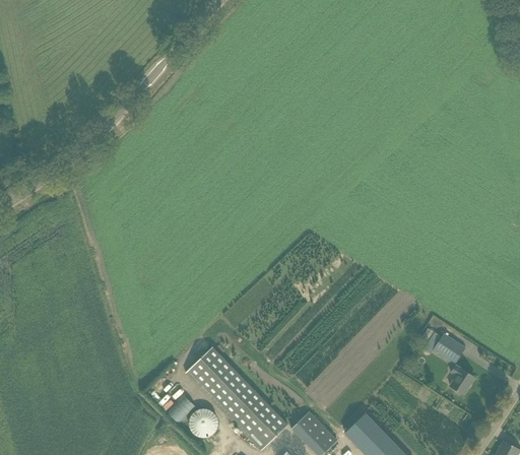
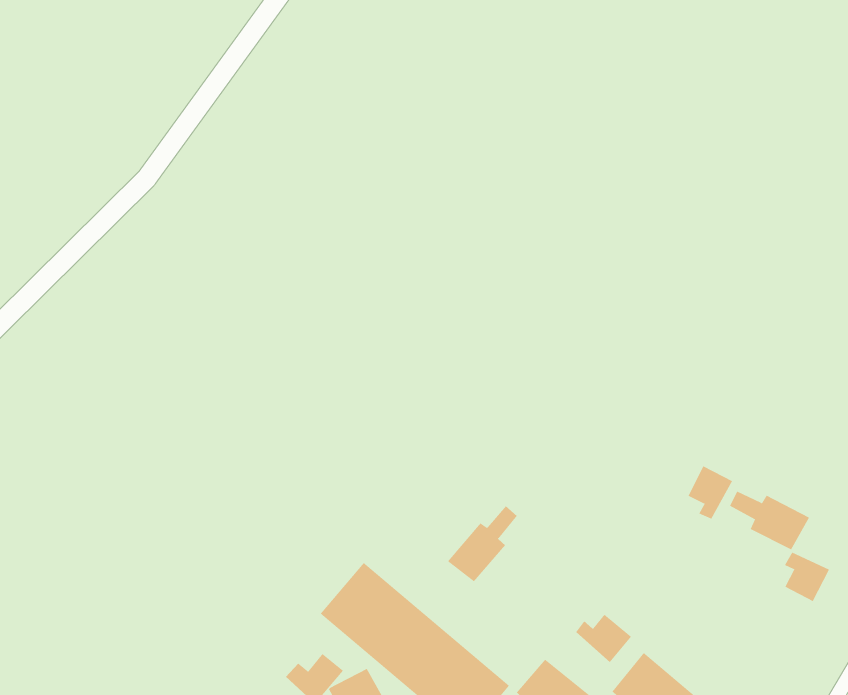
building: none -> [688,466,733,520]
building: none -> [447,506,517,582]
building: none -> [576,614,632,663]

